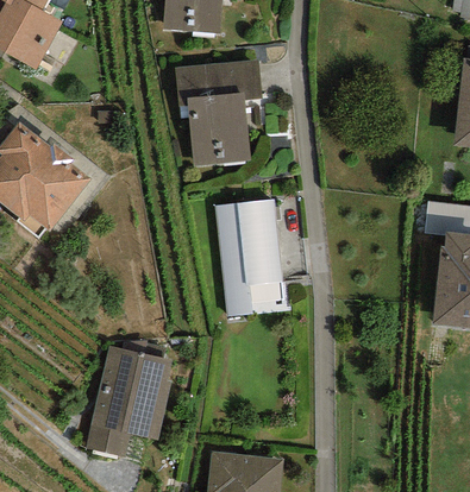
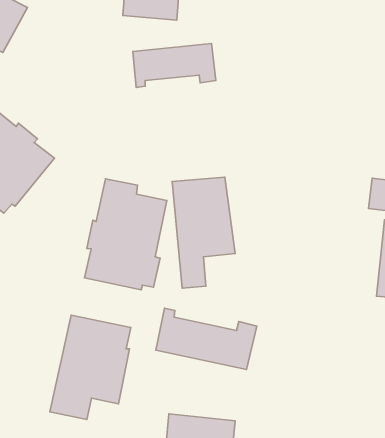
building: [187,92,251,165] -> none
building: none -> [85,179,167,290]
building: none -> [156,308,257,369]

